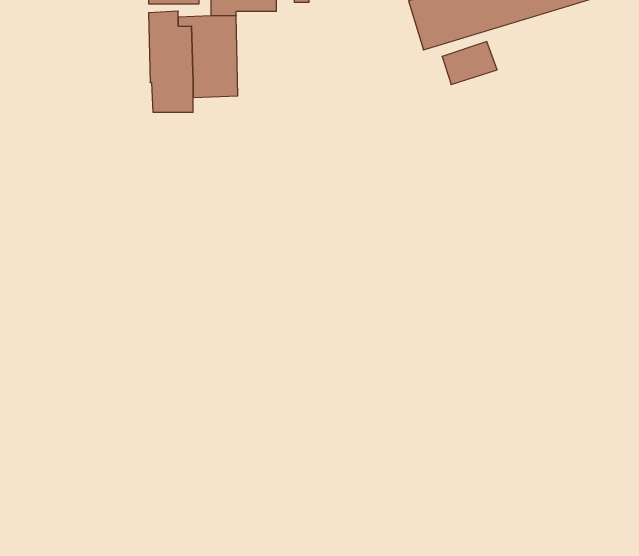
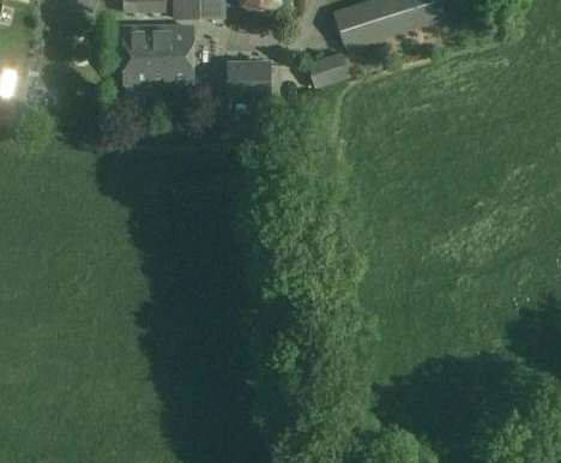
building: [442,42,497,85] -> [306,52,350,86]
building: none -> [228,64,270,100]

